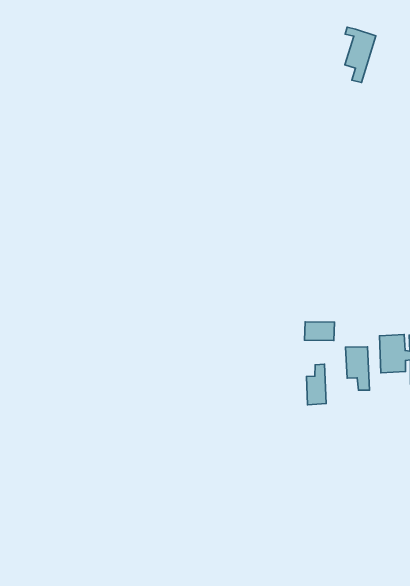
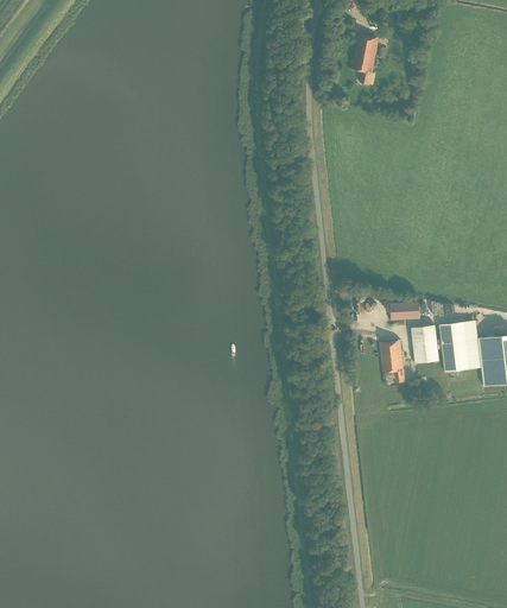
building: [305,322,335,341] -> [389,302,419,322]
building: [307,364,326,405] -> none

